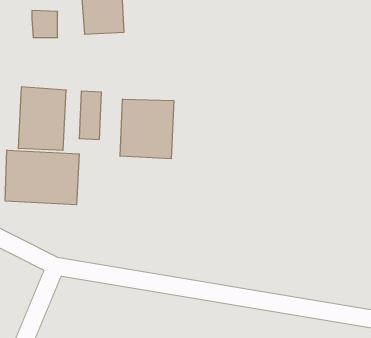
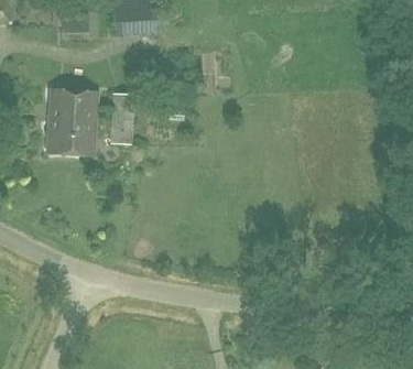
building: [120,99,174,159] -> none
building: [5,150,79,205] -> none

